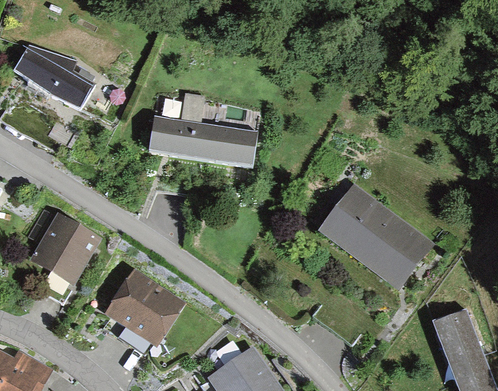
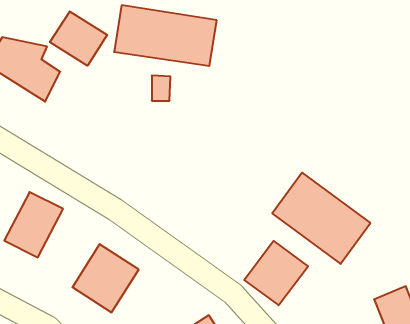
building: none -> [50,11,107,66]
building: [148,111,258,176] -> [114,5,217,66]
building: none -> [244,241,308,305]

